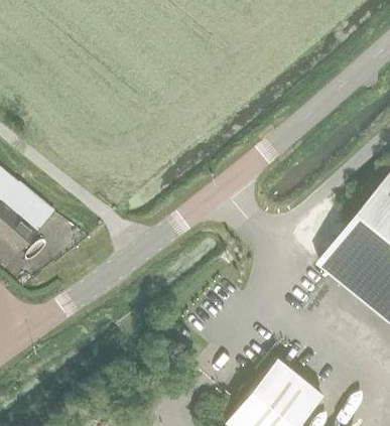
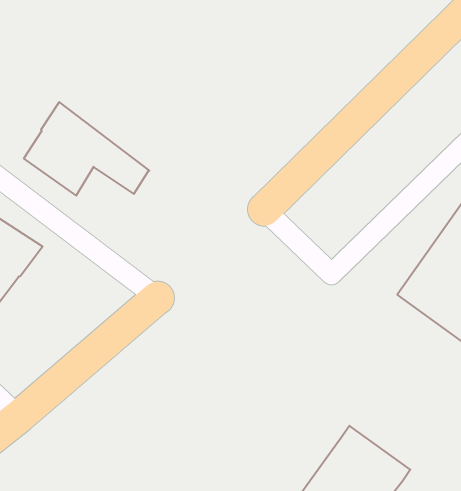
building: none -> [24,102,149,196]

